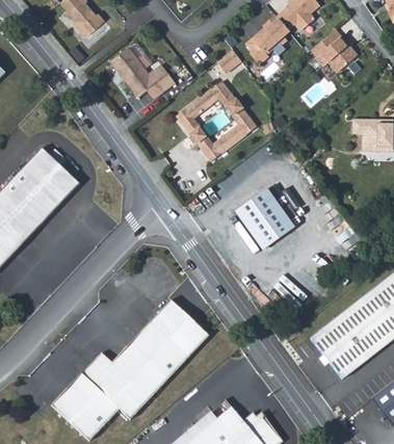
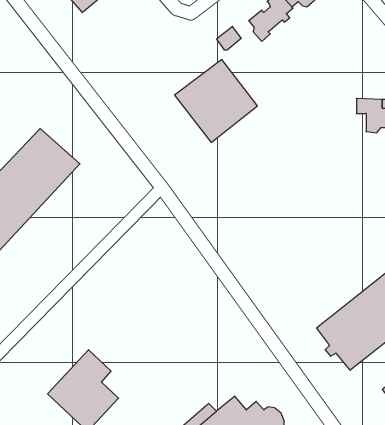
building: [311,28,357,71] -> none
building: [110,47,175,97] -> none
building: [233,188,292,251] -> none
building: [91,299,209,418] -> none

